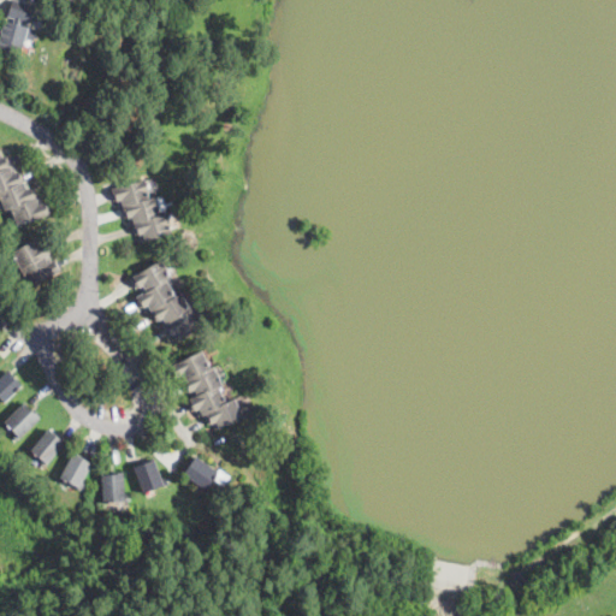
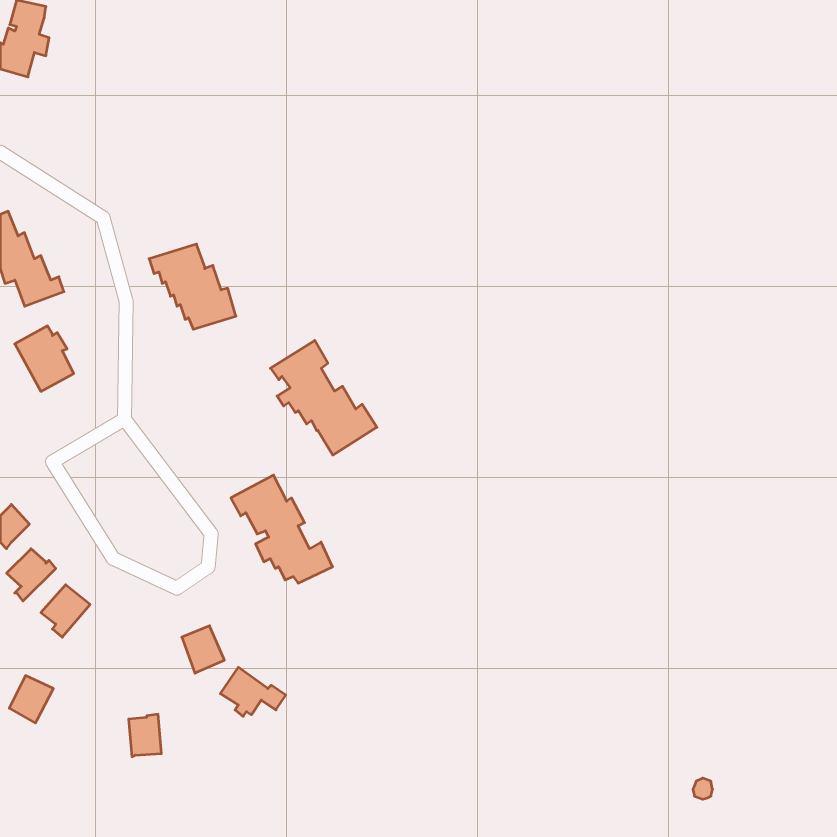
building: [129,260,207,344] -> [270,340,377,455]
building: [60,454,93,488] -> [9,676,53,723]
building: [183,456,231,492] -> [220,667,286,716]
building: [101,472,125,503] -> [129,714,161,757]

